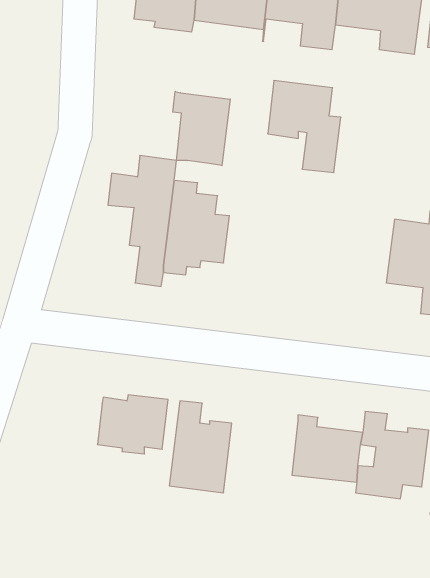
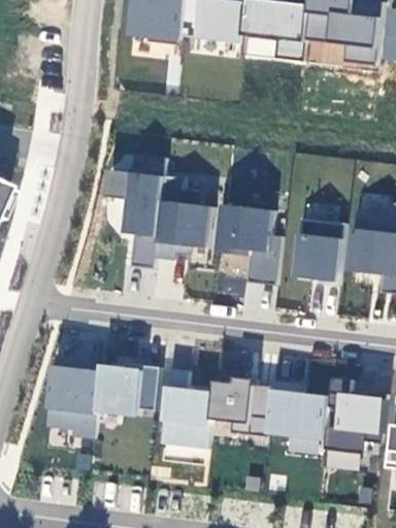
building: [268,81,341,173] -> [218,204,282,285]
building: [173,91,230,166] -> none
building: none -> [295,218,345,285]
building: none -> [46,355,101,438]
building: none -> [210,369,272,436]

